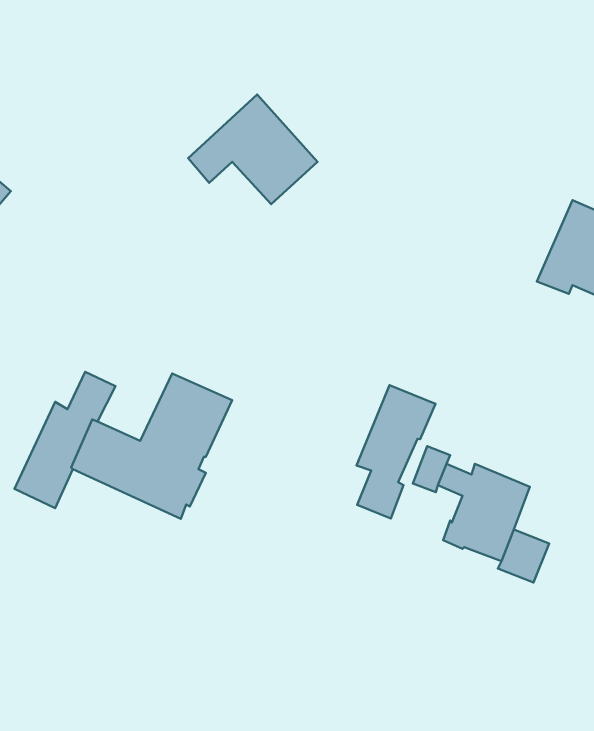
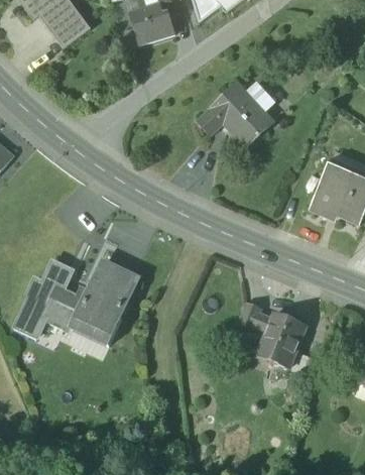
building: [188,94,317,204] -> [199,82,272,144]
building: [356,385,436,519] -> none

